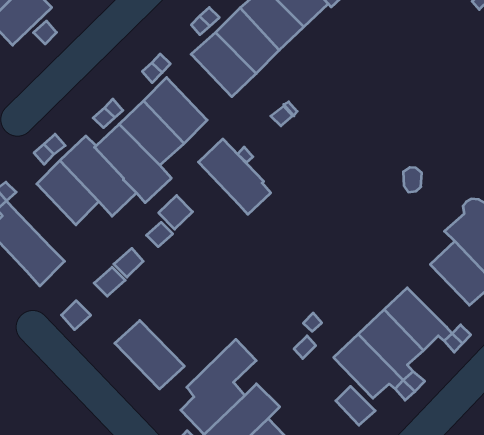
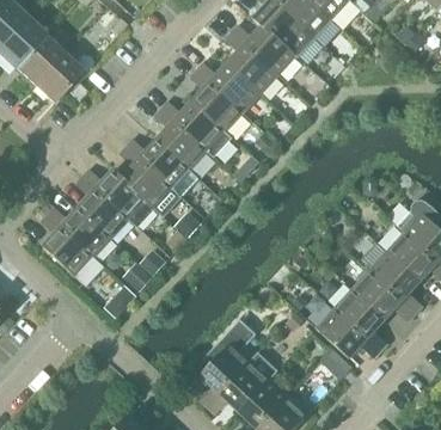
building: [198,139,271,214] -> [174,99,232,156]
building: none -> [61,207,111,256]
building: none -> [370,251,419,299]
building: [115,320,184,389] -> none

